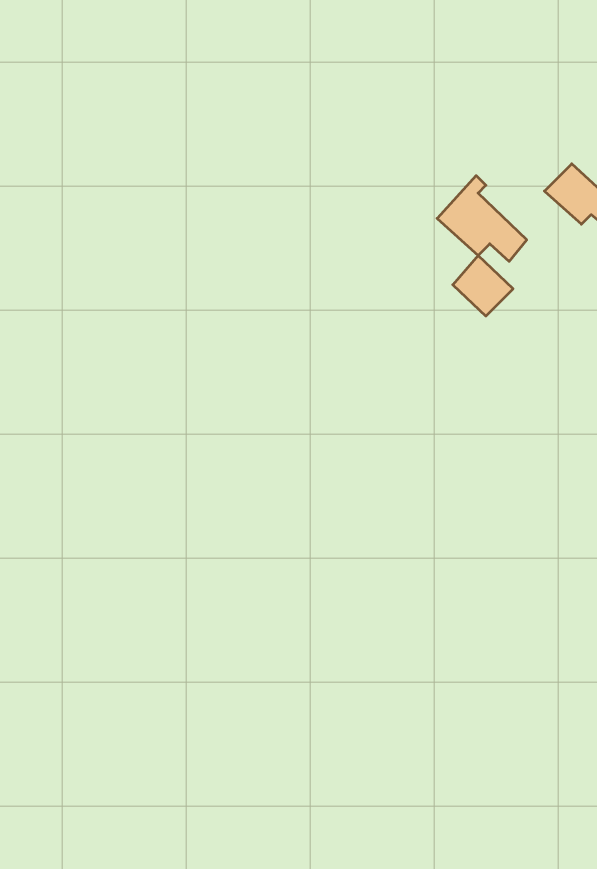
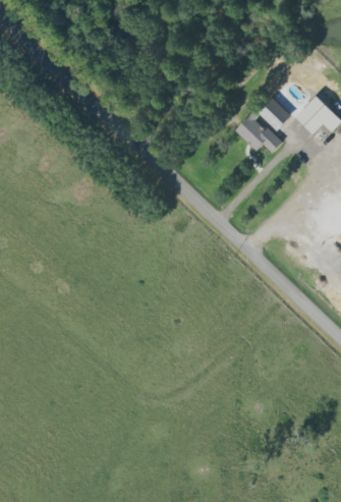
building: [453,256,513,316] -> [262,98,293,129]

